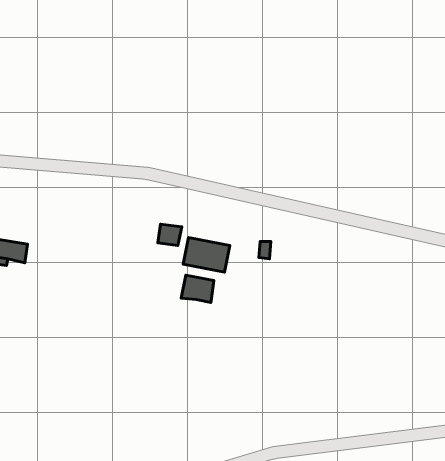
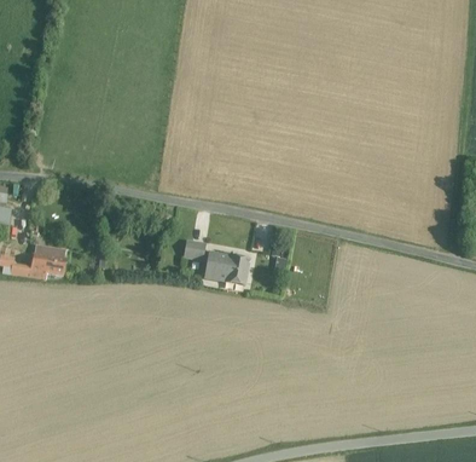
building: [181,275,214,302] -> none

